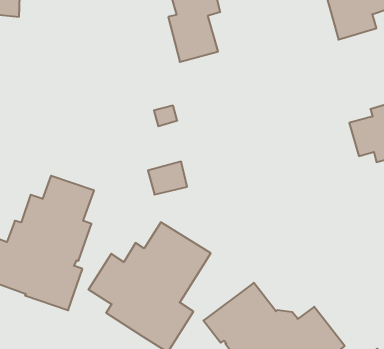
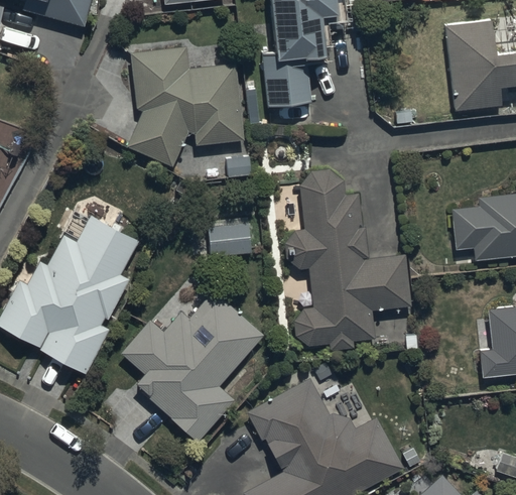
building: none -> [125,45,245,168]
building: none -> [284,169,411,350]

